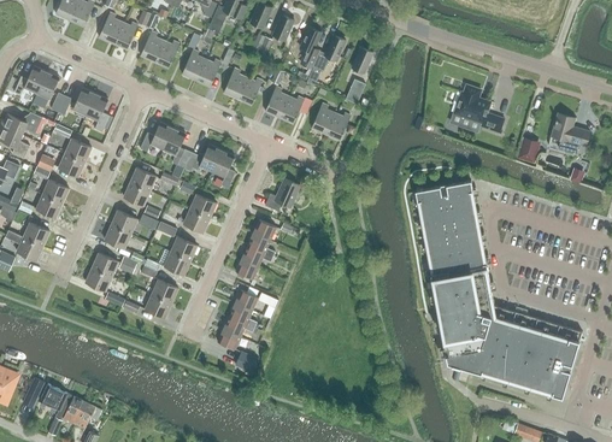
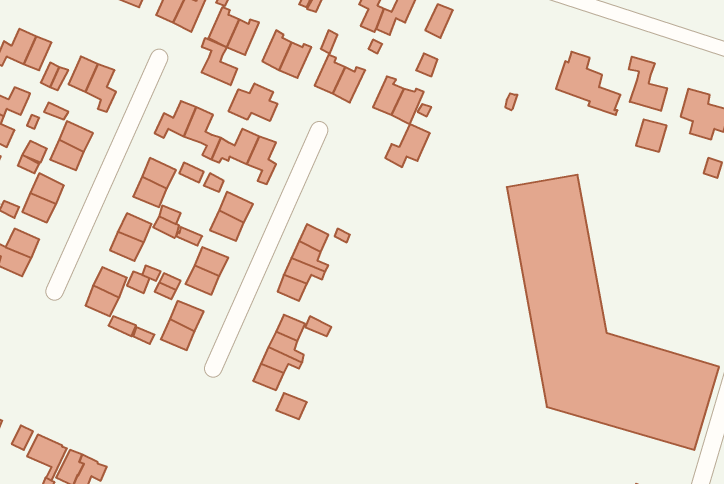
building: none -> [202,38,237,85]
building: none -> [629,57,667,111]
building: none -> [229,83,277,121]
building: [264,178,299,212] -> [385,124,430,167]

